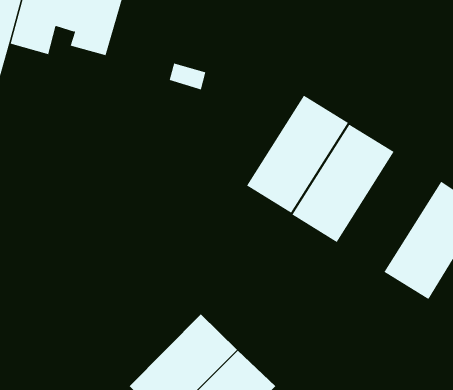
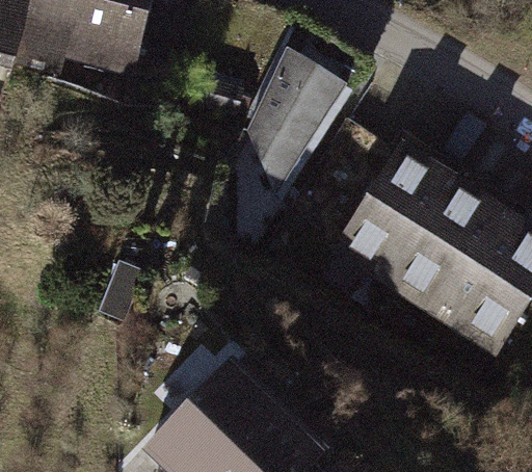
building: none -> [244,27,367,209]
building: none -> [388,185,504,321]

